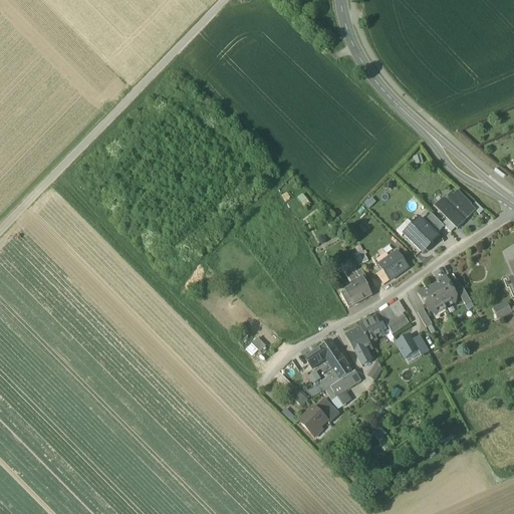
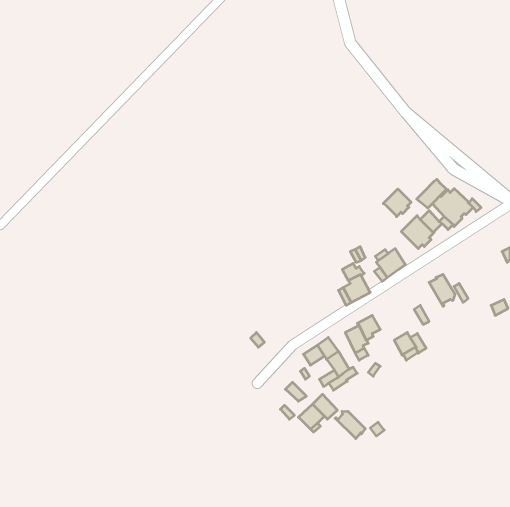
building: none -> [417,179,447,208]
building: none -> [383,189,411,217]
building: [418,284,446,314] -> none
building: [379,299,409,332] -> none
building: none -> [335,411,365,439]

